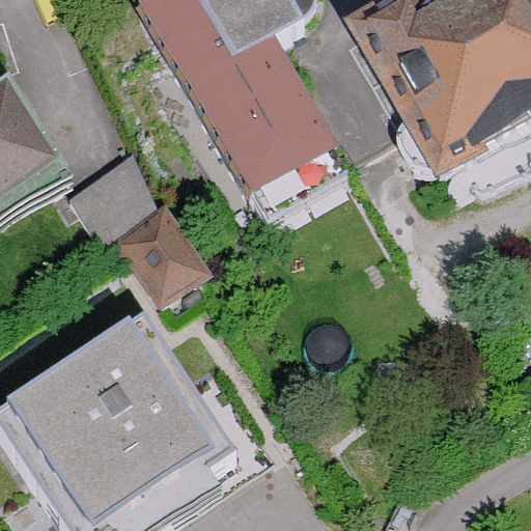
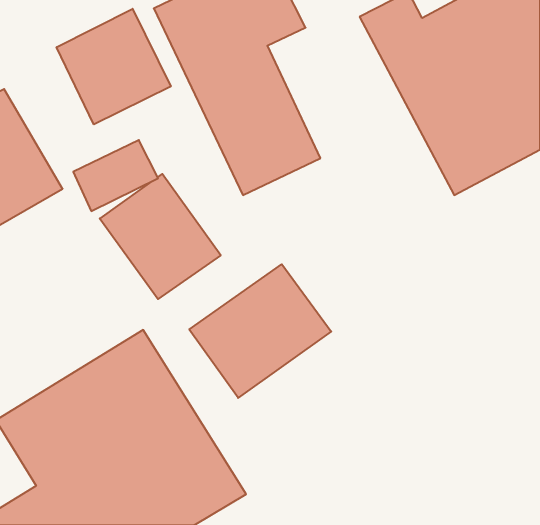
building: none -> [57,9,171,124]
building: none -> [189,264,331,398]

